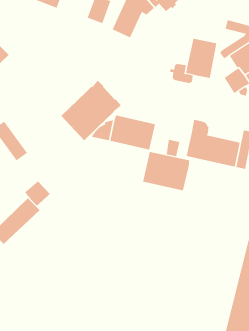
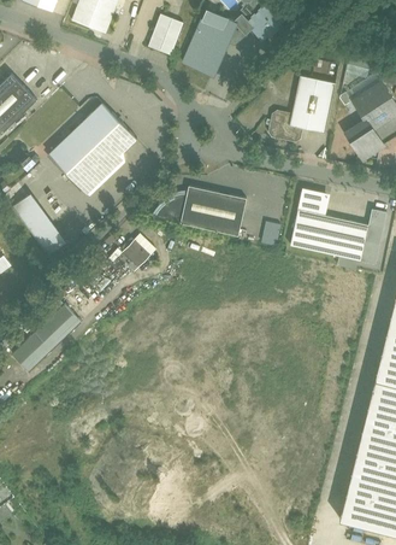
building: [61,80,122,141] -> [49,102,137,191]
building: none -> [119,235,154,270]
building: [143,151,190,191] -> none
building: [25,180,50,207] -> none

